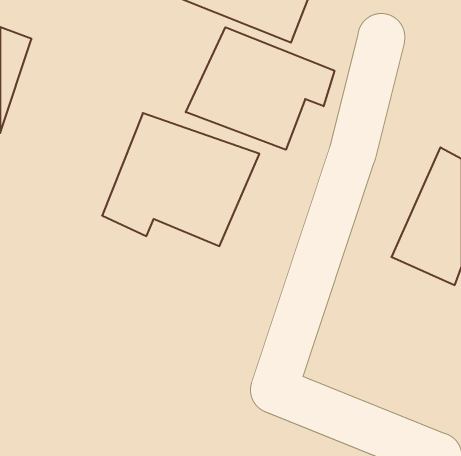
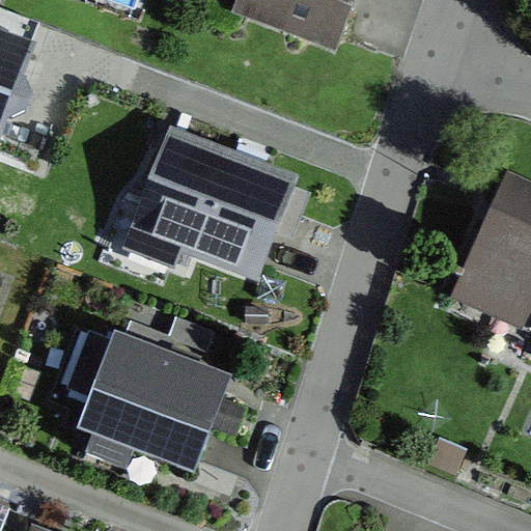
building: [186,27,334,150] -> none
building: none -> [84,344,220,468]

